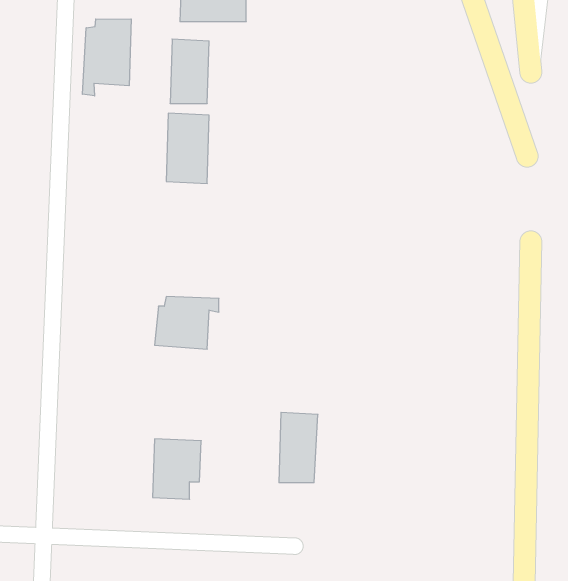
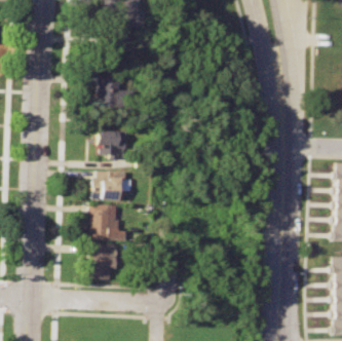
building: [82,19,131,96] -> none
building: none -> [99,130,129,159]
building: [279,412,318,483] -> [93,203,114,240]

